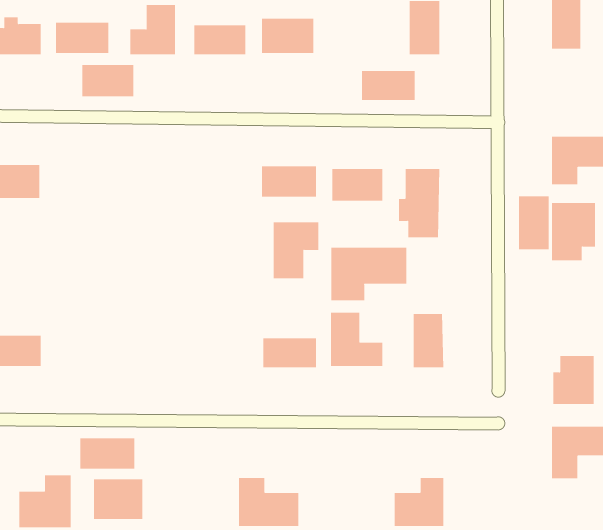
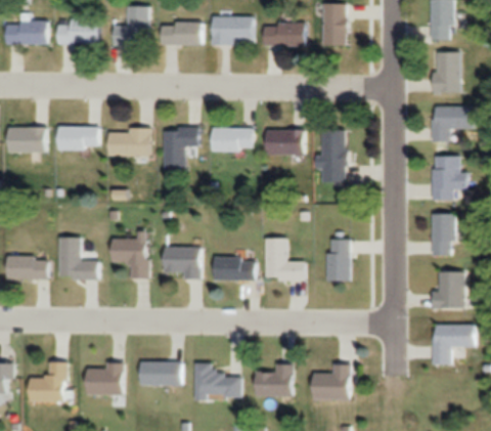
building: [81,64,134,97] -> [57,126,97,150]
building: none -> [433,52,460,93]
building: [361,71,416,100] -> [263,23,304,45]
building: none -> [108,128,149,156]
building: [518,196,549,250] -> [431,214,454,255]
building: [273,222,319,279] -> [163,127,197,170]
building: [331,247,407,301] -> none
building: none -> [111,231,148,278]
building: none -> [58,236,97,279]
building: none -> [163,247,200,279]
building: [79,438,135,469] -> [139,361,181,385]
building: none -> [256,367,293,397]

